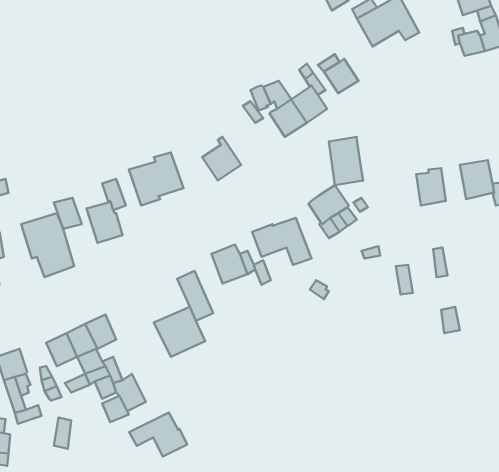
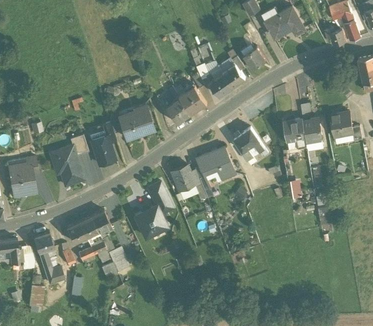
building: none -> [178,85,206,114]
building: [329,137,363,185] -> [284,118,306,149]
building: [129,413,187,456] -> none

